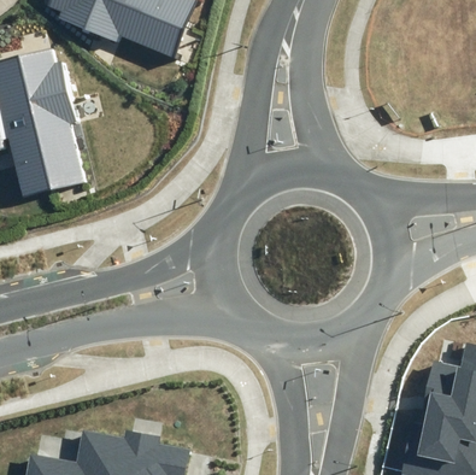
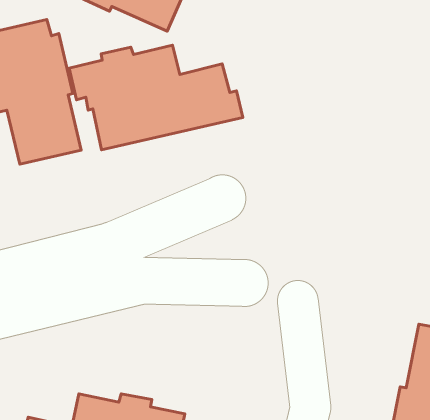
building: none -> [69,45,243,150]

